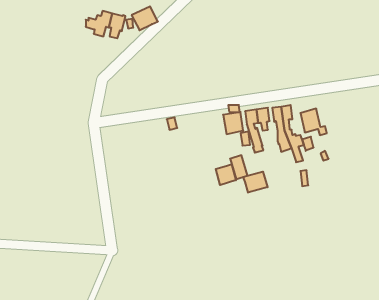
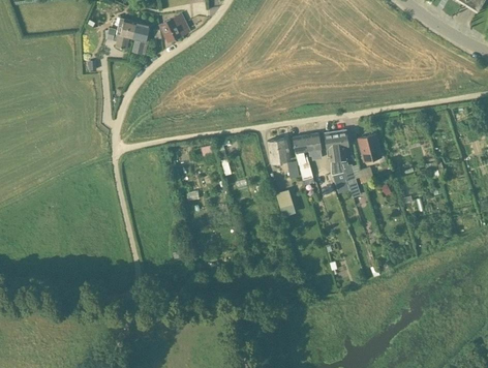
building: [216,164,236,185] -> none
building: [243,172,268,193] -> none

